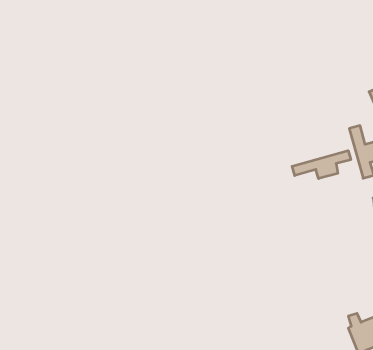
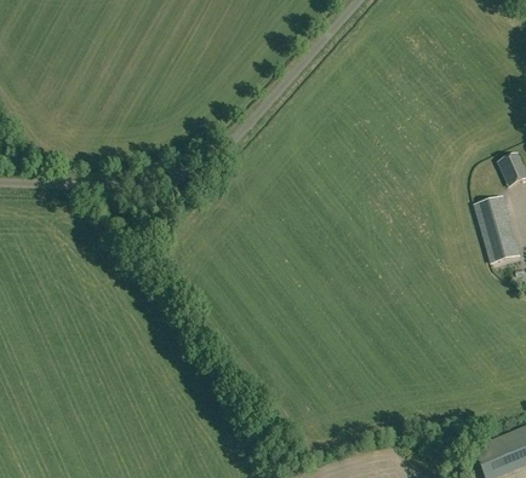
building: [292,151,351,179] -> none

